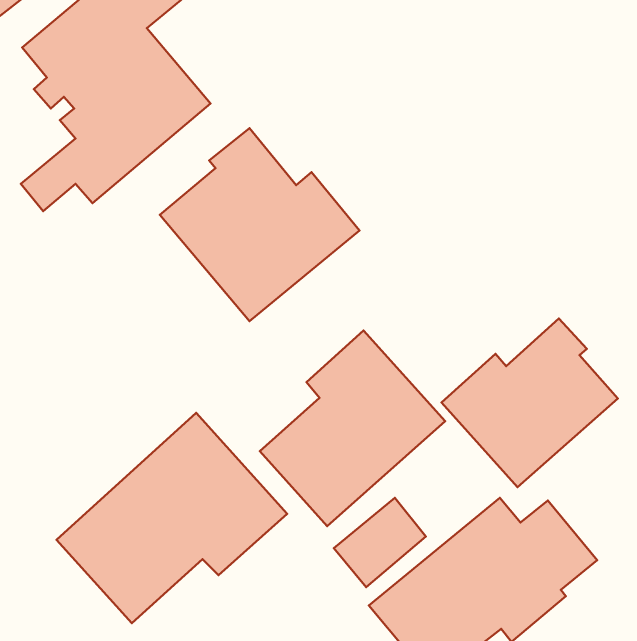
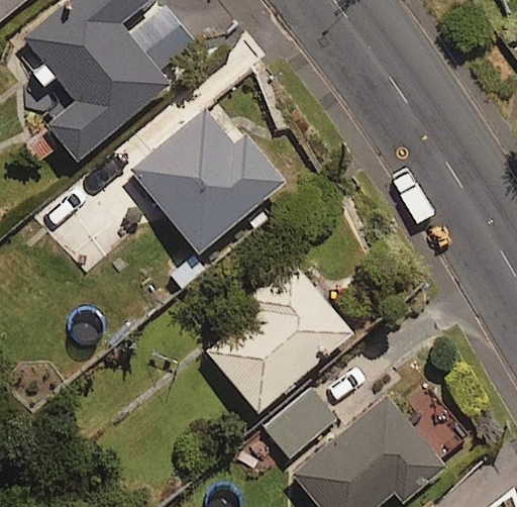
building: [441,318,618,487] -> none
building: [56,413,287,623] -> none

